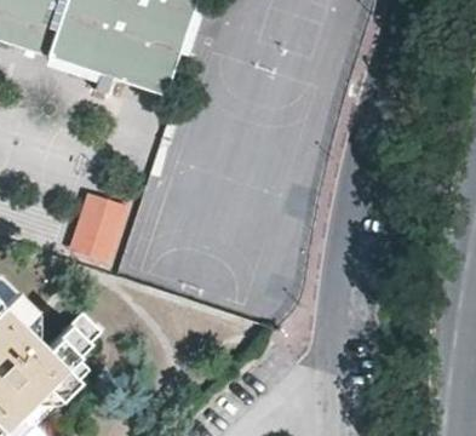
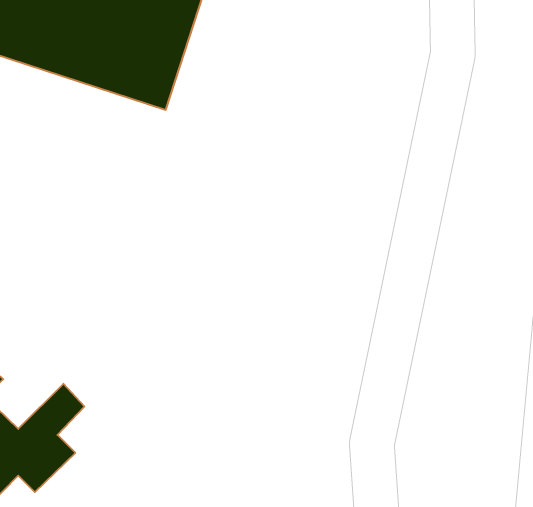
building: [68,191,128,264] -> none

